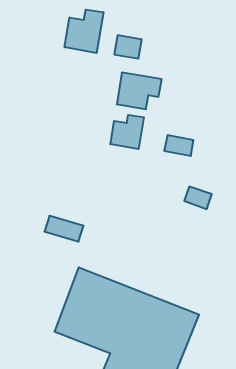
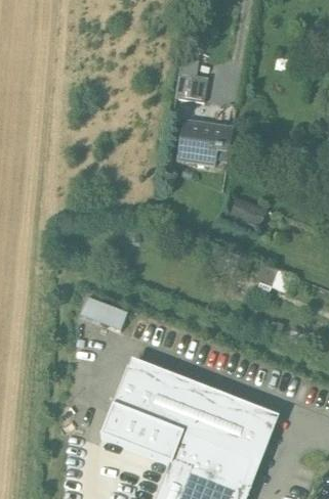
building: [65,10,103,53] -> none
building: [110,115,144,149] -> none

